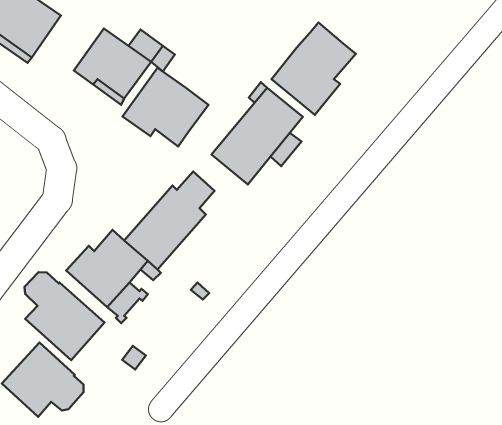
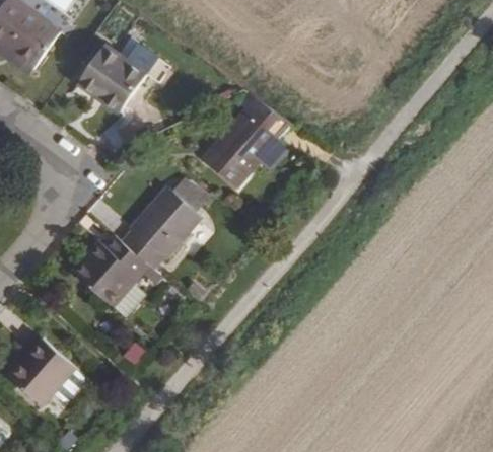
building: [272,22,356,115] -> none
building: [123,68,208,147] -> none
building: [24,272,104,360] -> none

